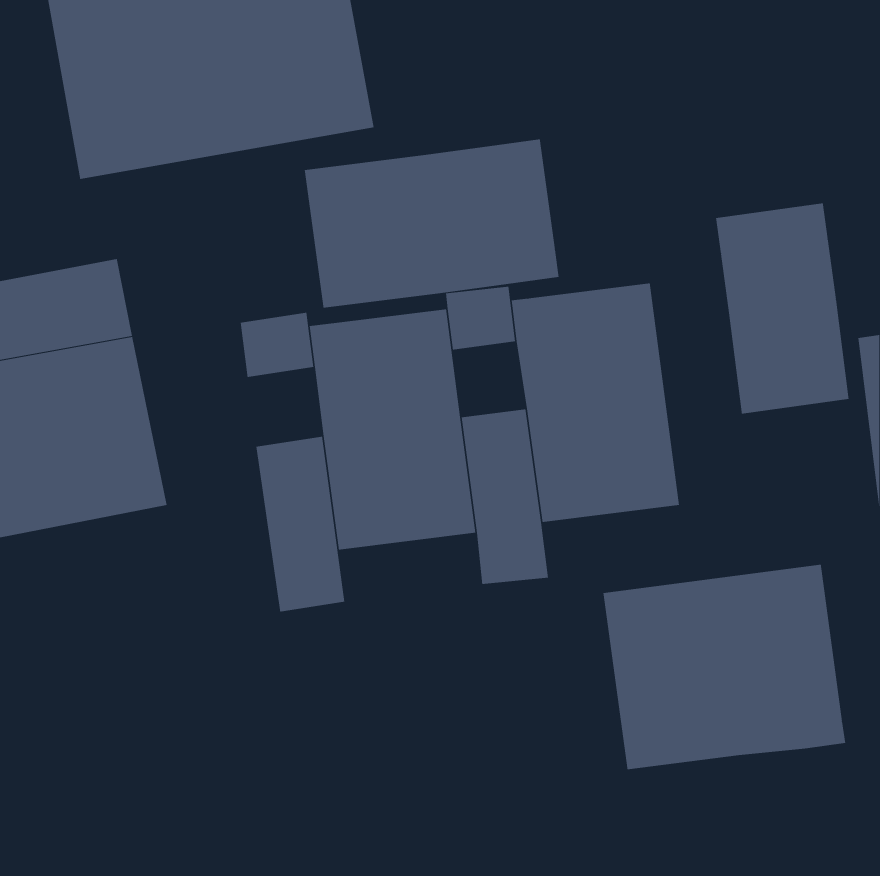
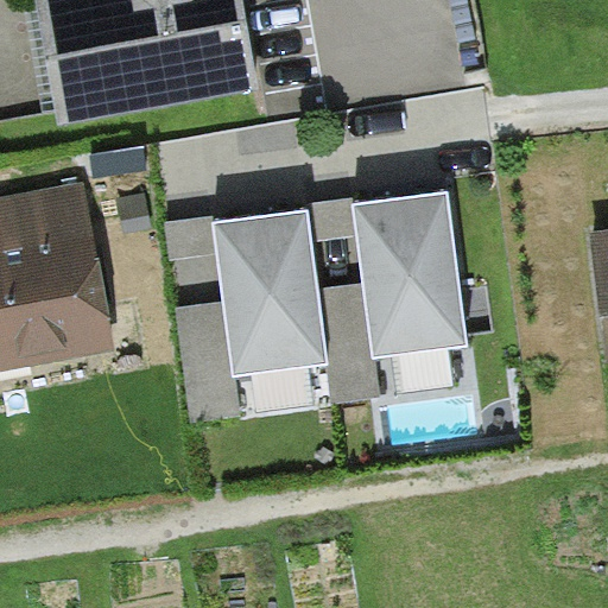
building: [304,139,559,308] -> none
building: [716,203,849,414] -> none
building: [603,564,846,770] -> none

